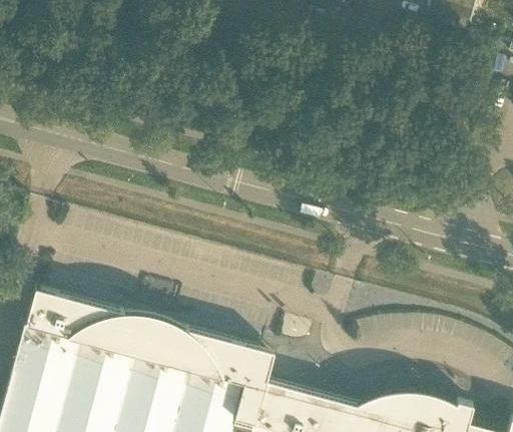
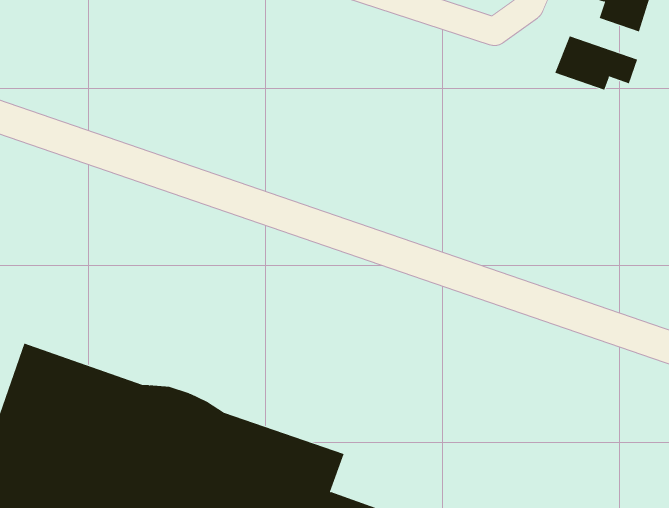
building: none -> [555,36,638,91]

